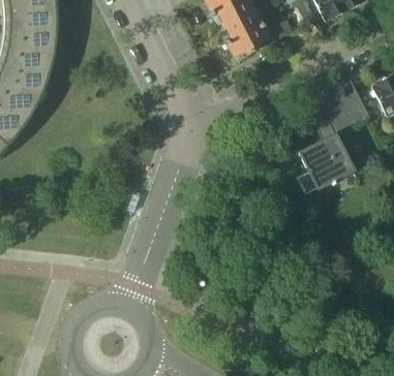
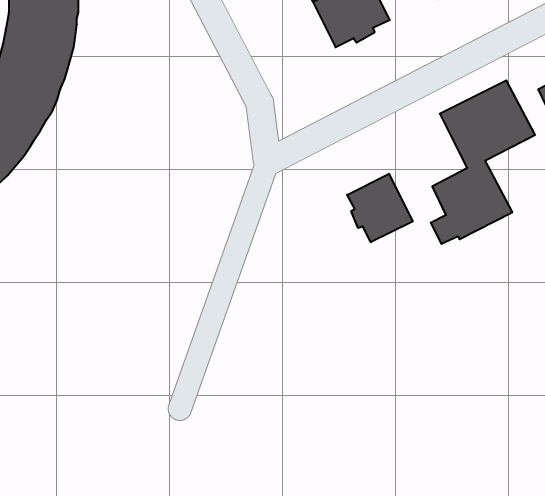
building: none -> [347,174,413,242]

